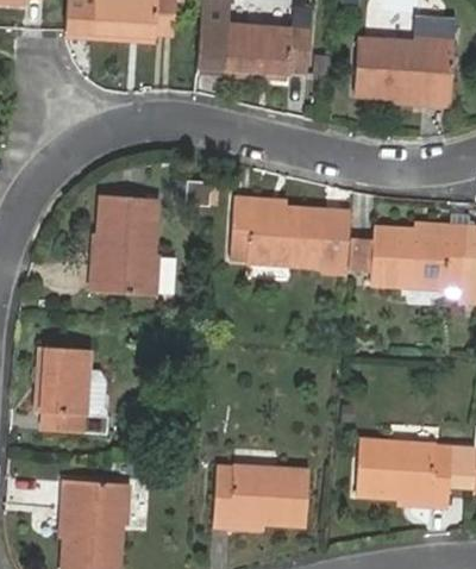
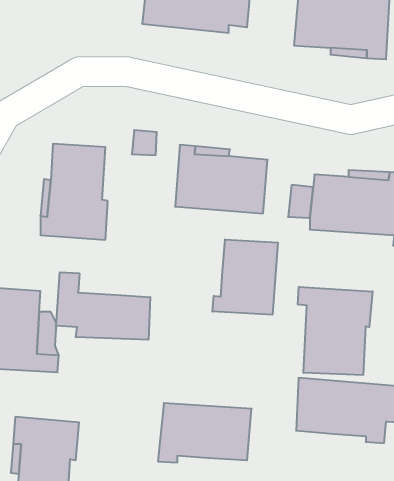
building: none -> [212,239,278,315]
building: none -> [56,272,150,340]
building: none -> [298,287,373,375]

